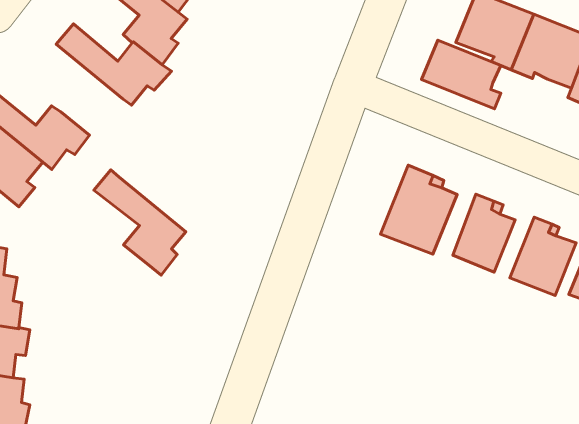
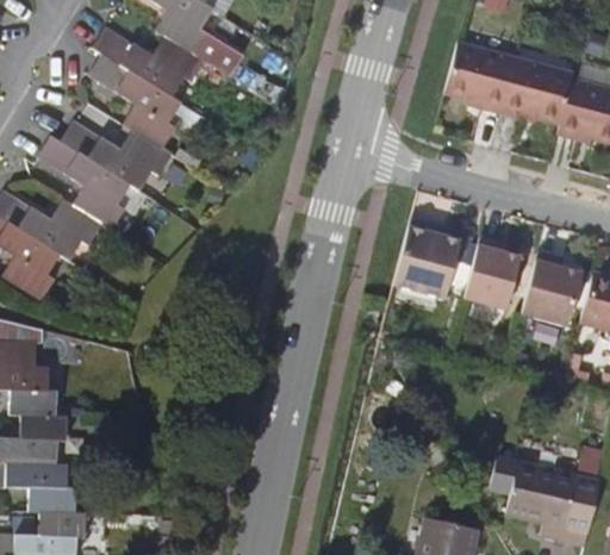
building: [421,40,501,109] -> none
building: [94,170,186,275] -> [37,133,130,229]

